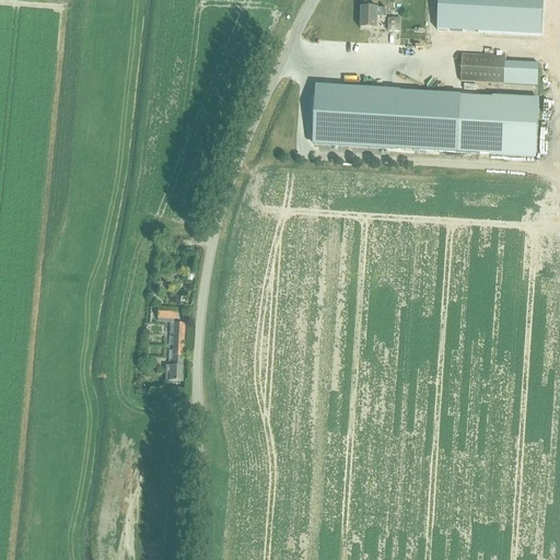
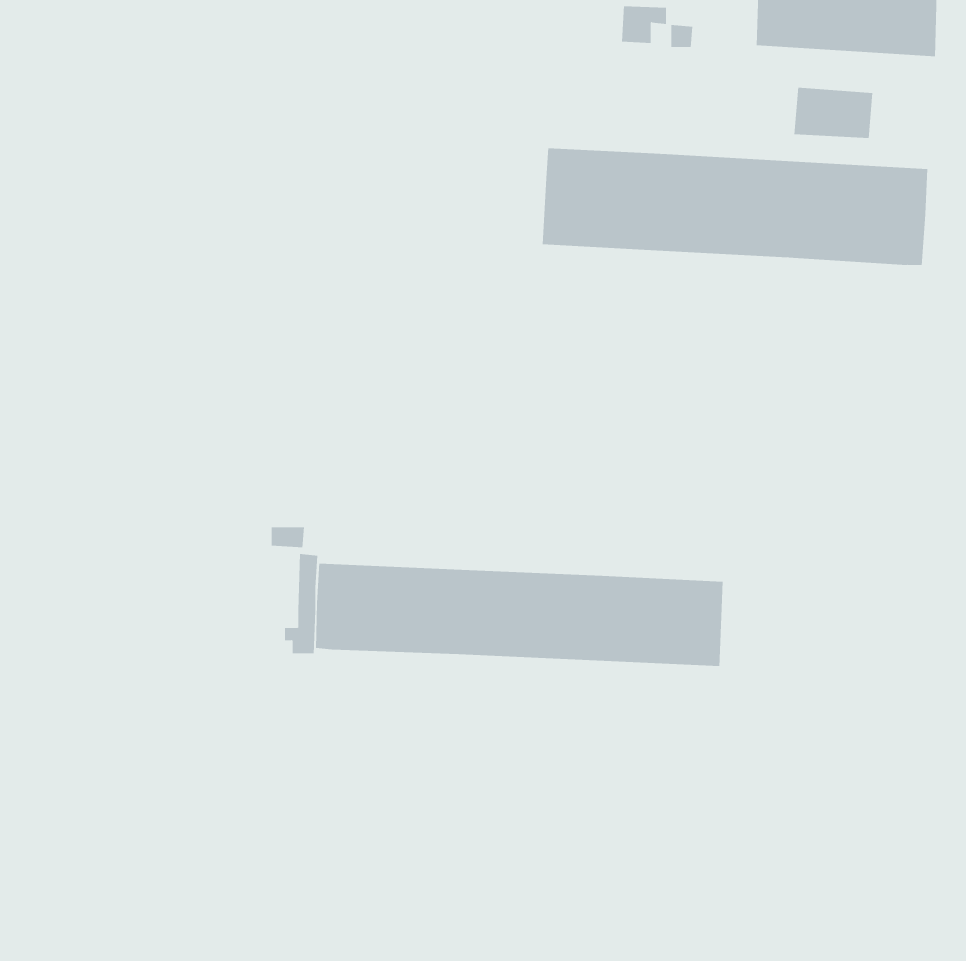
building: [502,59,537,83] -> none
building: none -> [315,563,723,667]

